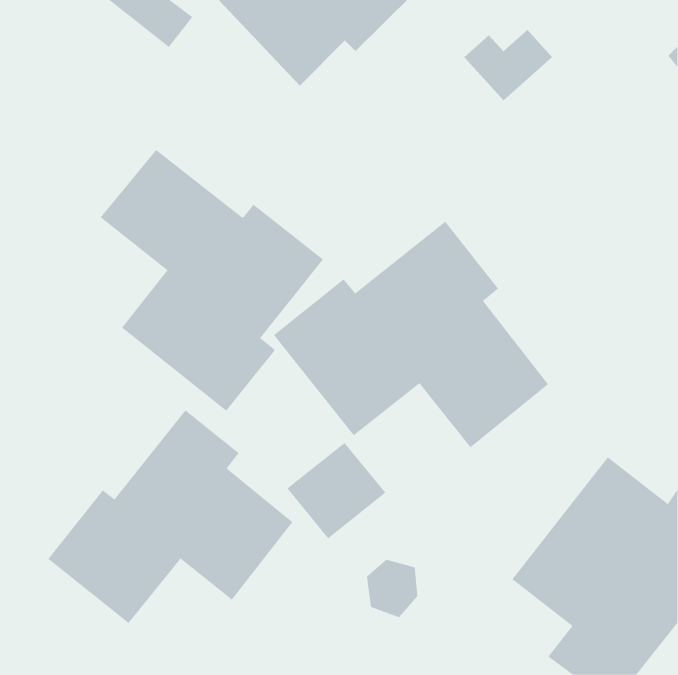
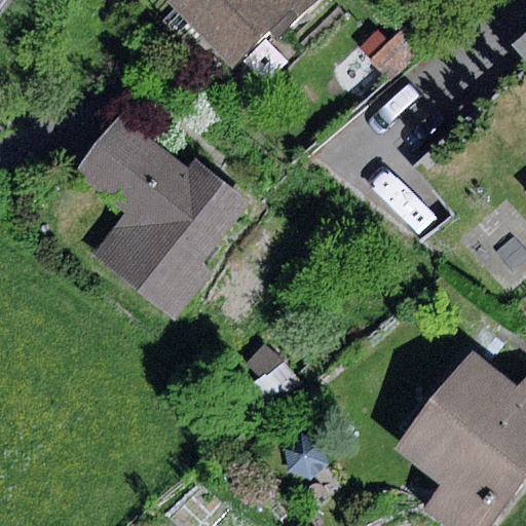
building: [273,221,549,448] -> none
building: [47,409,293,624] -> none

